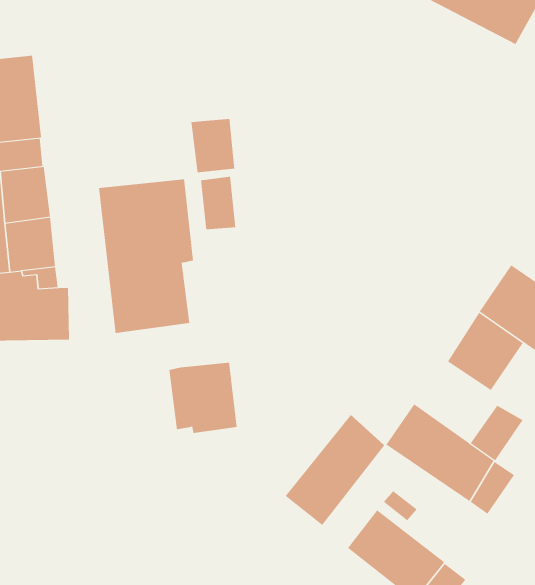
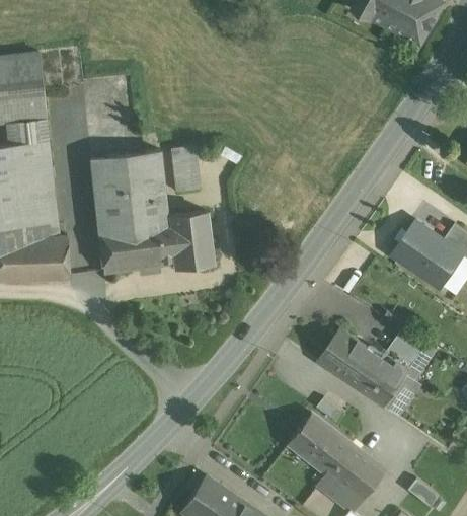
building: [191,118,235,173] -> none
building: [447,312,523,391] -> none
building: [169,362,238,434] -> [157,212,212,269]
building: [285,414,386,526] -> none

